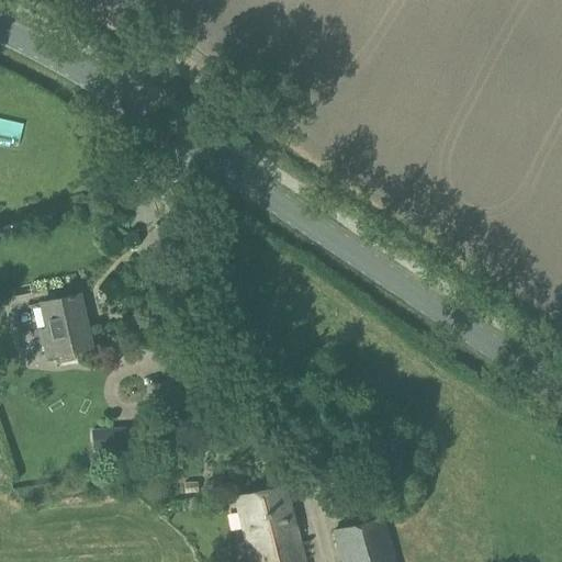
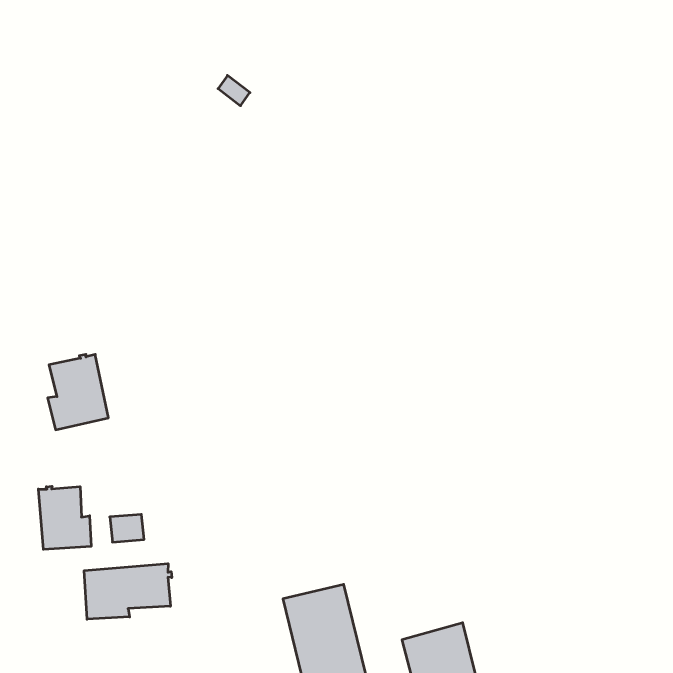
building: none -> [38,486,91,549]
building: none -> [84,564,172,619]

